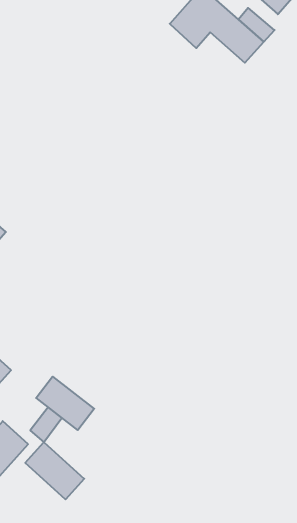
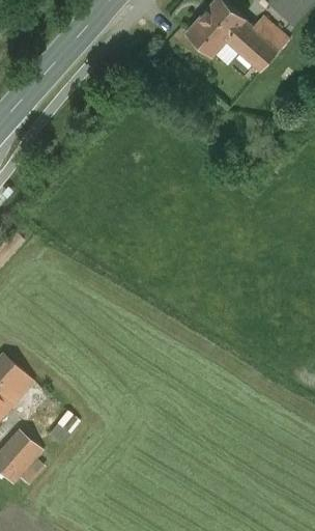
building: [36,377,94,430] -> none
building: [25,442,84,499] -> none

